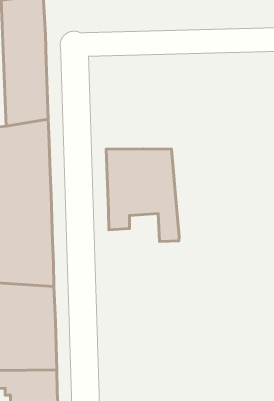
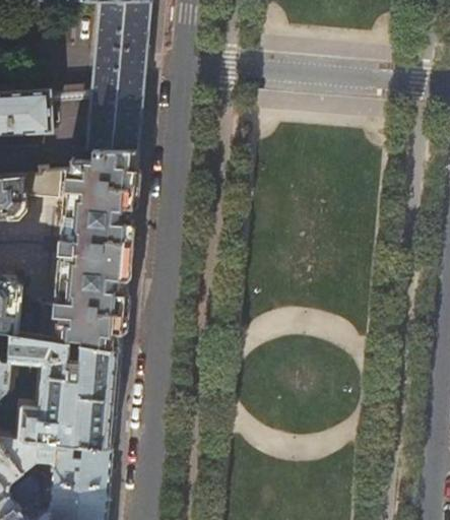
building: [106,149,179,241] -> none

